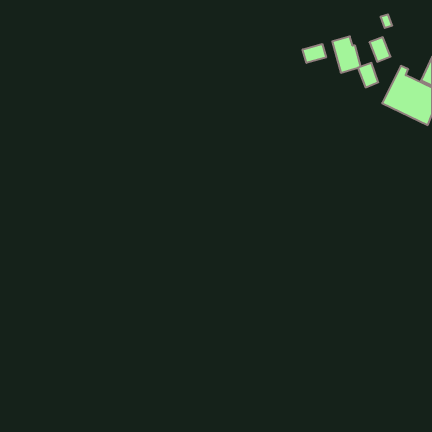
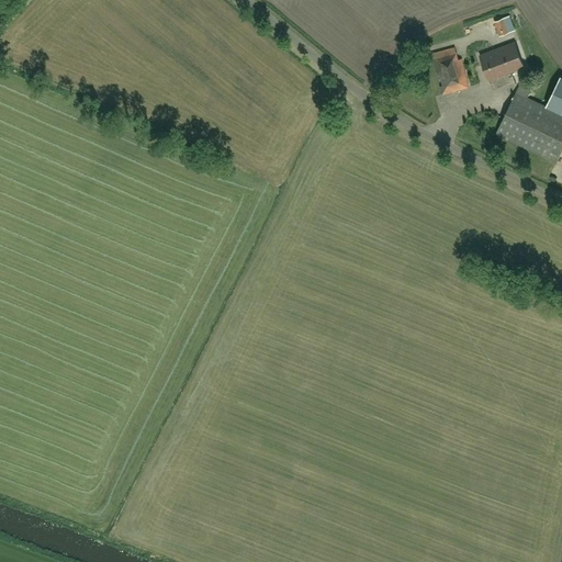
building: [303,44,326,63] -> none
building: [358,63,378,87] -> [497,42,524,74]

